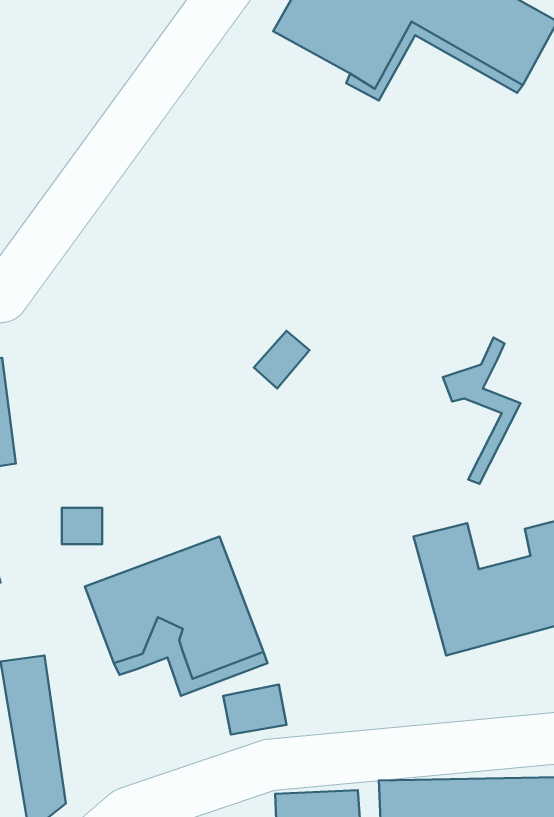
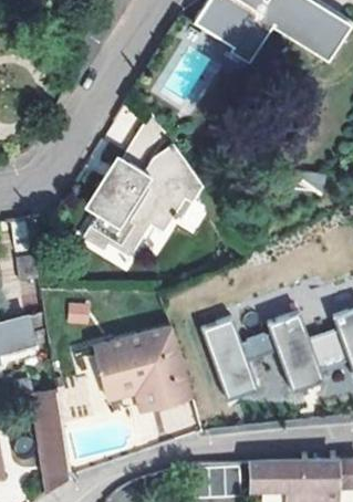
building: none -> [83,107,206,252]
building: [443,338,520,484] -> none
building: none -> [201,317,289,407]

